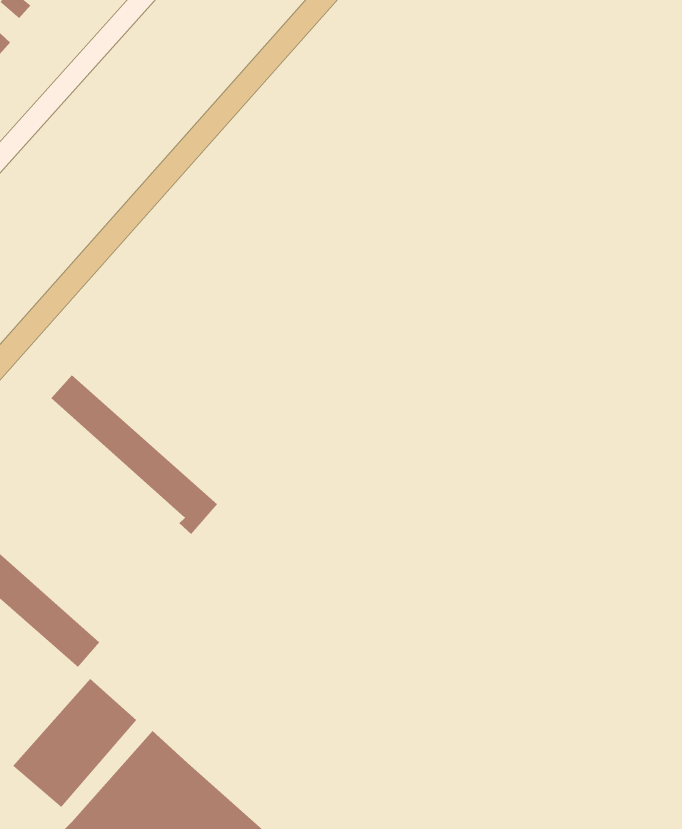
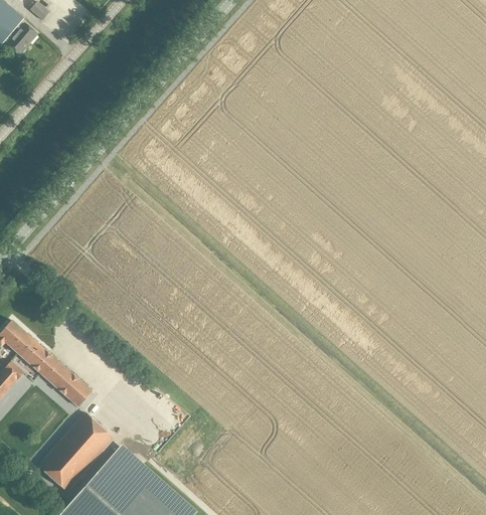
building: [50,374,218,535] -> none

